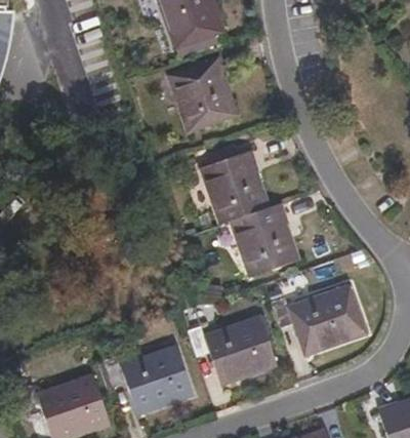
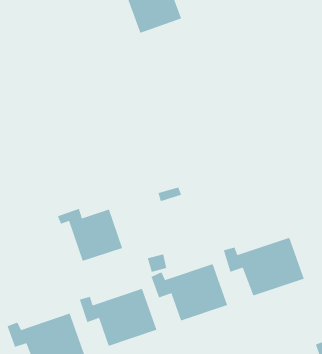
building: [169,57,238,129] -> none
building: [201,150,300,278] -> none
building: none -> [57,208,123,262]

